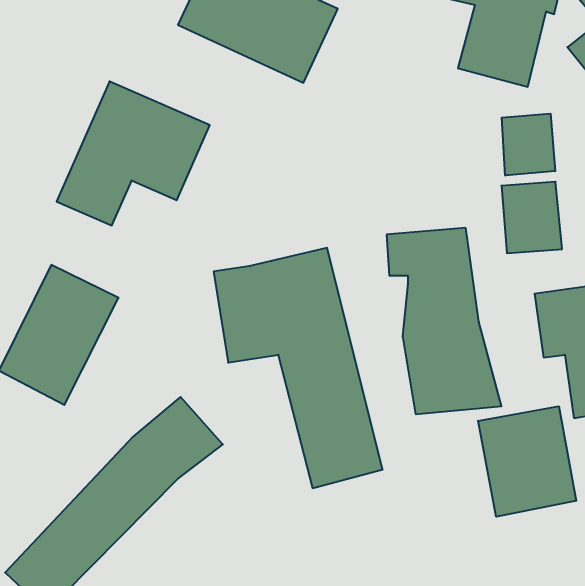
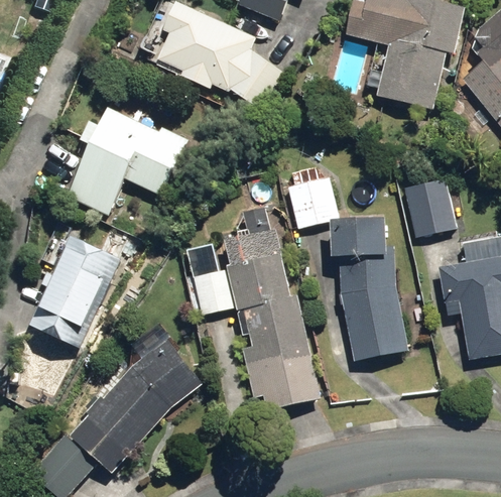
building: [502,114,555,176] -> none
building: none -> [292,177,342,223]
building: [478,406,576,517] -> none

